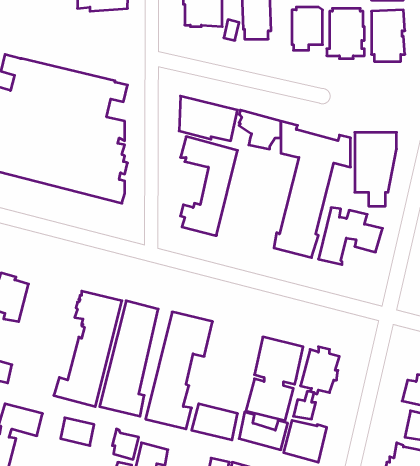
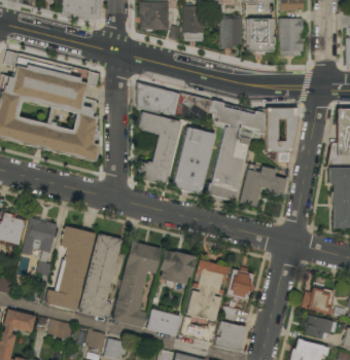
building: none -> [172,127,216,193]
building: none -> [23,217,59,276]
building: none -> [160,249,197,284]

